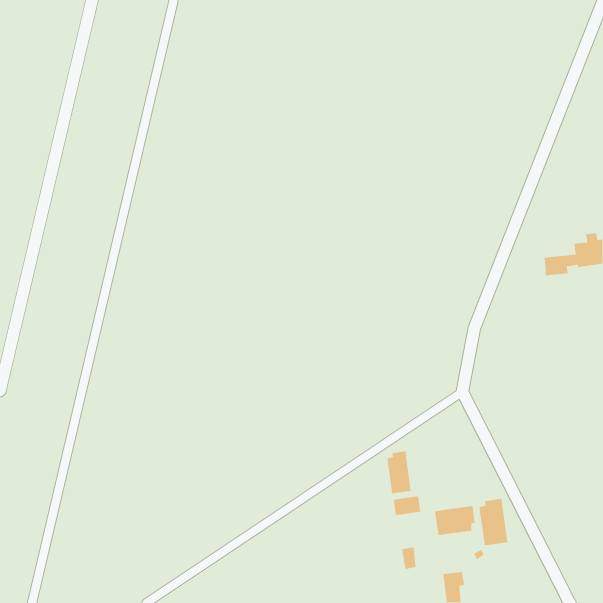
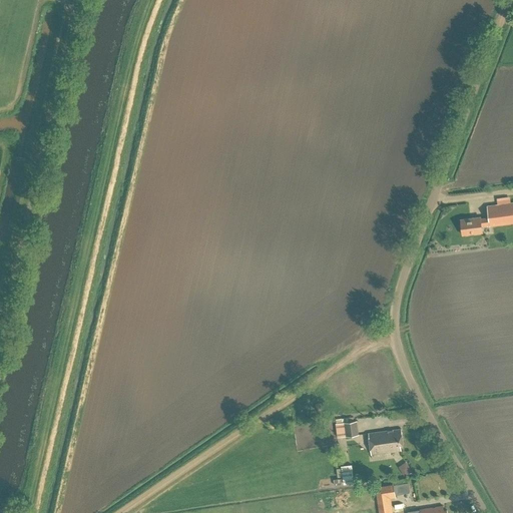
building: [387,451,412,494] -> none
building: [478,498,508,546] -> none

